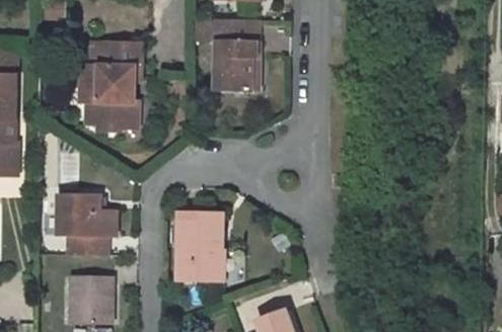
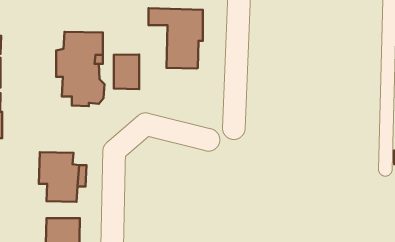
building: none -> [114,55,139,89]
building: [178,212,235,283] -> none

